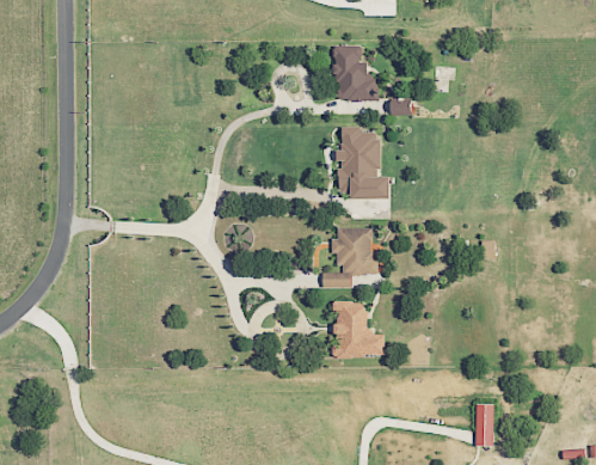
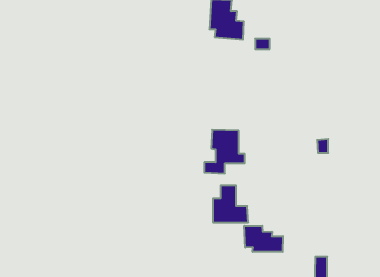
building: [340,126,391,197] -> none
building: none -> [244,226,283,252]

